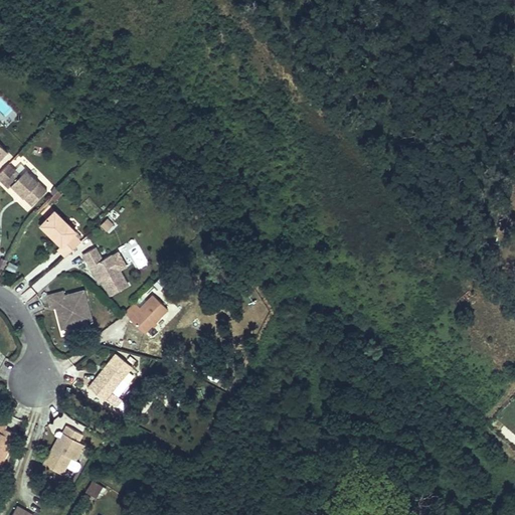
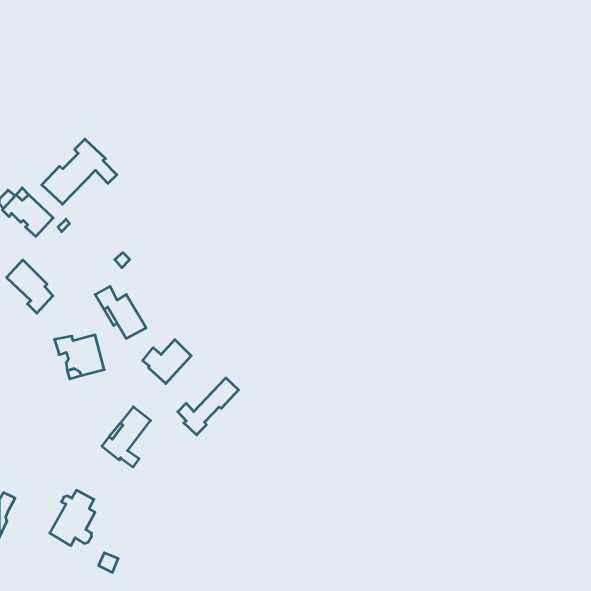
building: none -> [42,139,117,204]
building: [39,211,79,258] -> [7,260,53,313]
building: none -> [178,378,239,435]

